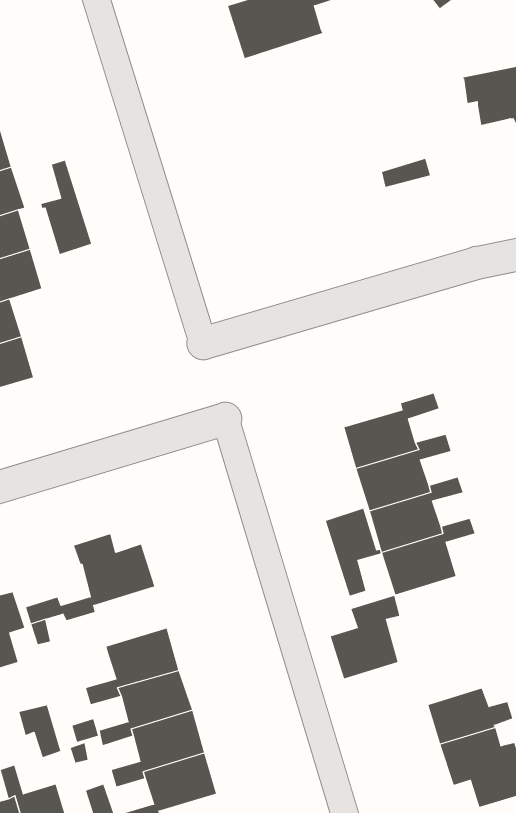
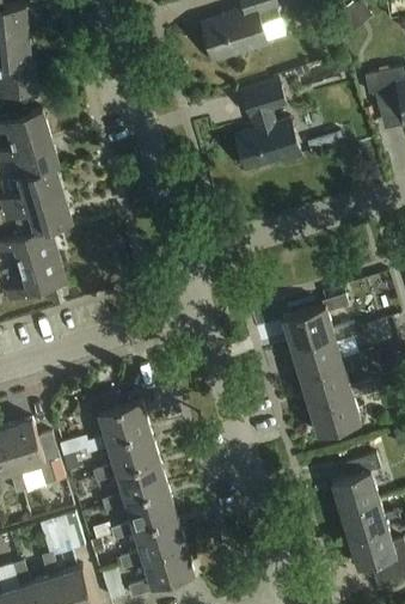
building: none -> [234,81,301,172]
building: [40,160,92,255] -> none
building: [325,508,382,597] -> none
building: none -> [93,431,159,483]
building: [330,595,400,679] -> [331,454,380,513]

